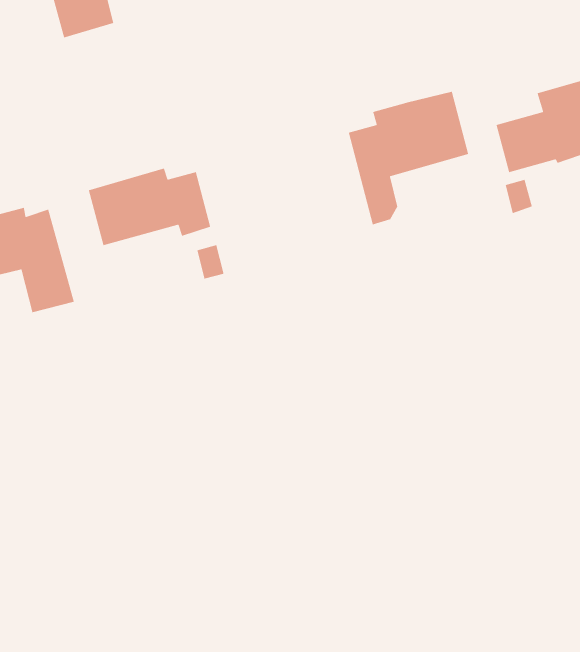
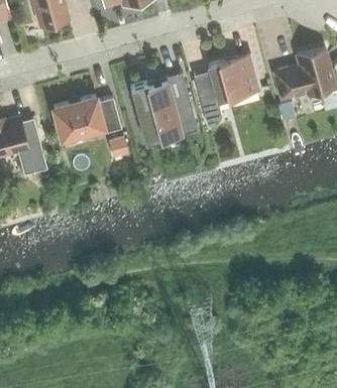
building: none -> [130,74,197,144]

